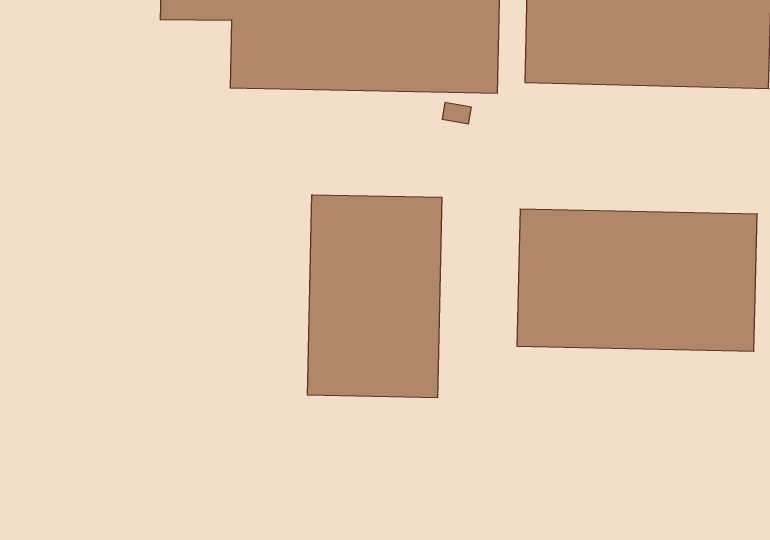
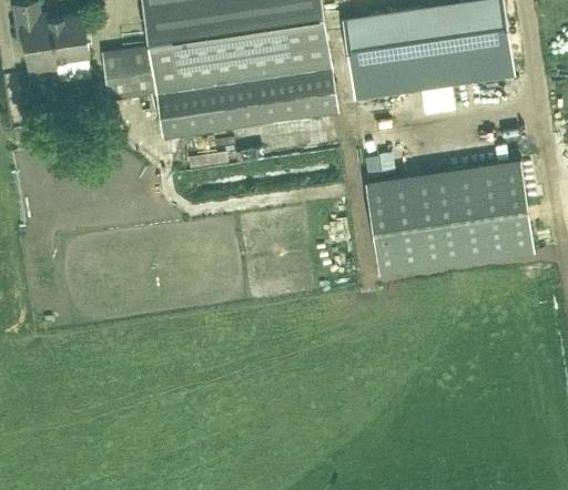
building: [308,195,442,398] -> none

